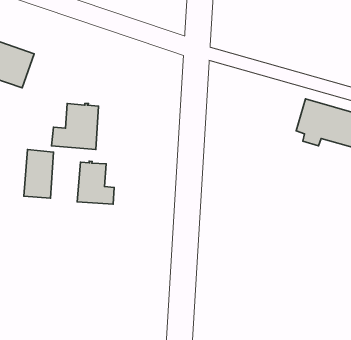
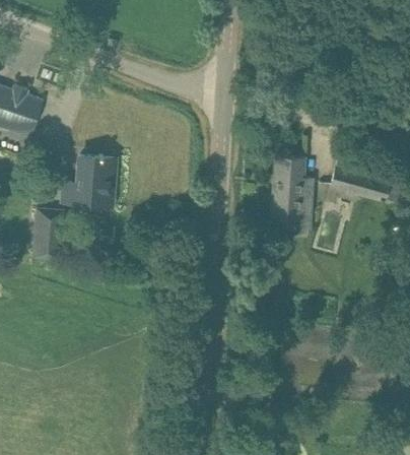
building: none -> [269,156,313,228]
building: [77,161,114,204] -> none

